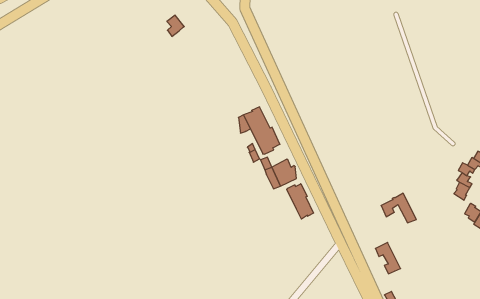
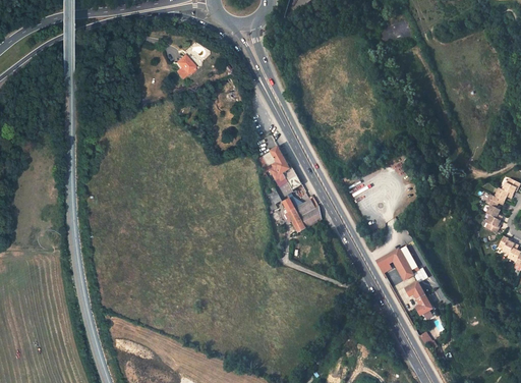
building: [287,184,314,219] -> none
building: [381,193,416,223] -> [377,248,414,278]

